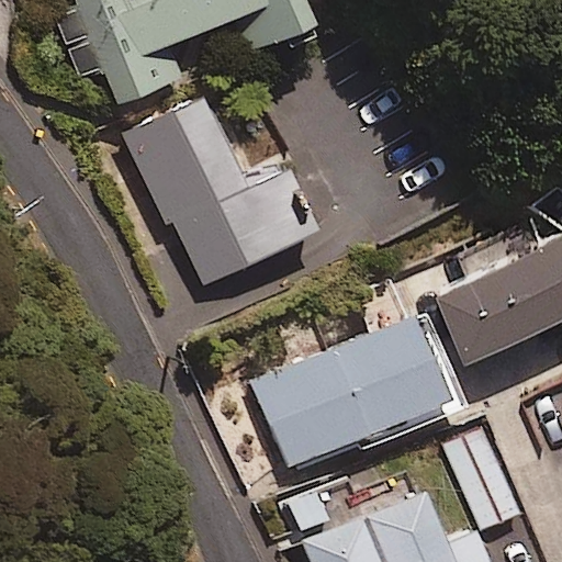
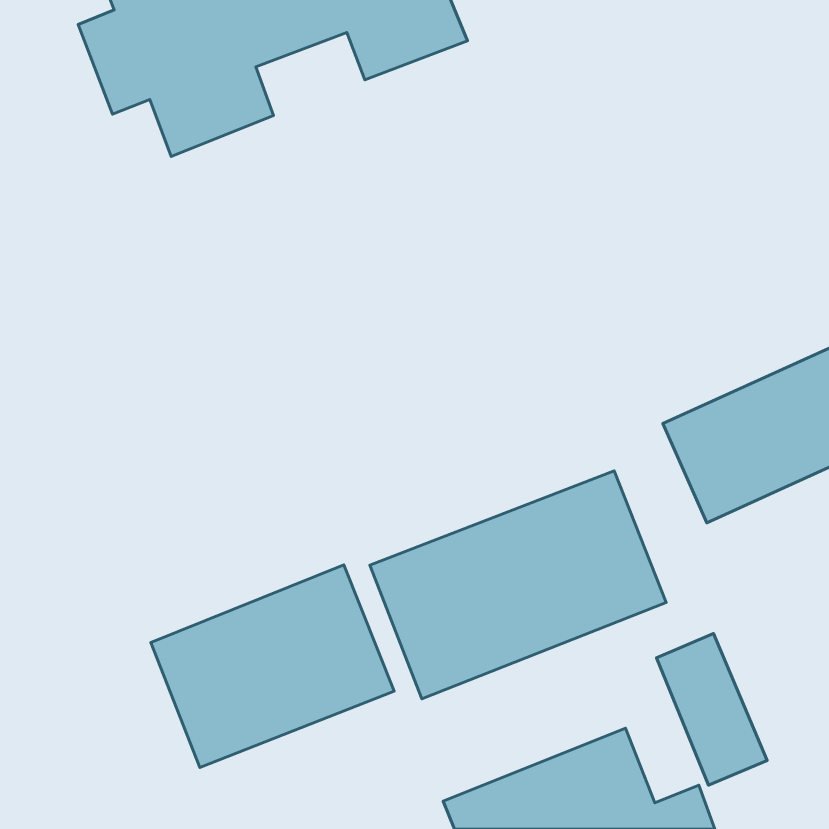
building: [128,97,313,285] -> none
building: none -> [151,565,394,768]

